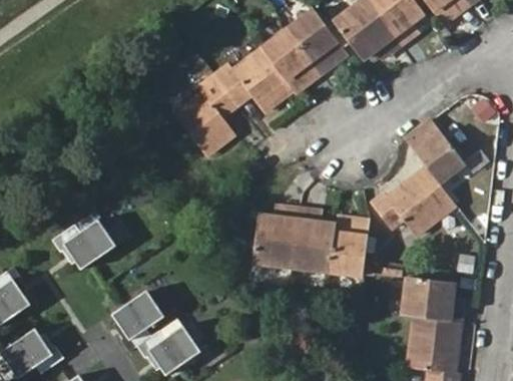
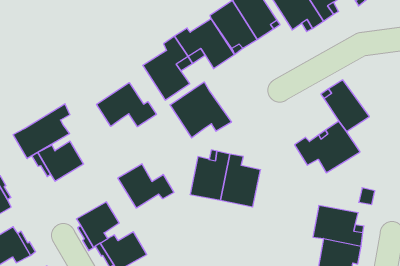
building: none -> [170,82,231,138]
building: none -> [97,83,156,127]
building: none -> [13,104,70,159]
building: [329,216,366,273] -> none
building: none -> [118,164,174,208]

